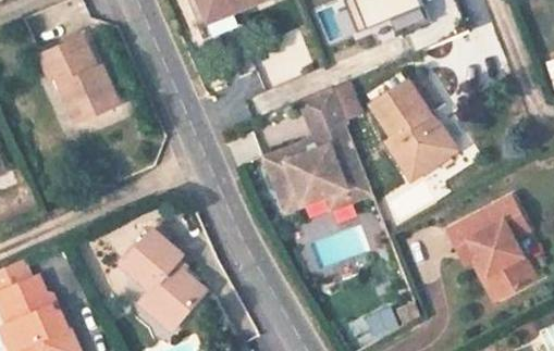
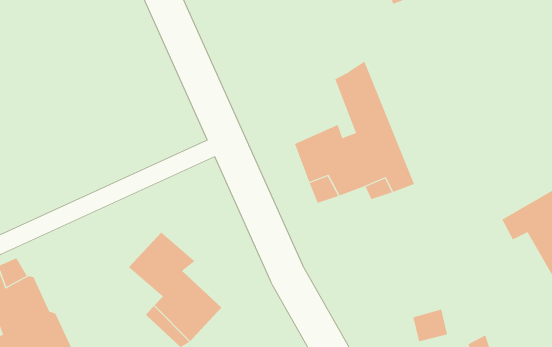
building: [27,37,108,122] -> none
building: [380,79,460,178] -> none

